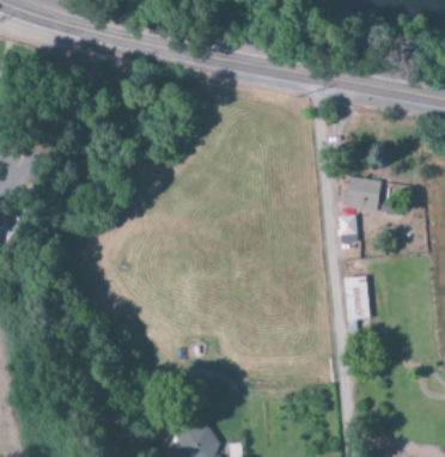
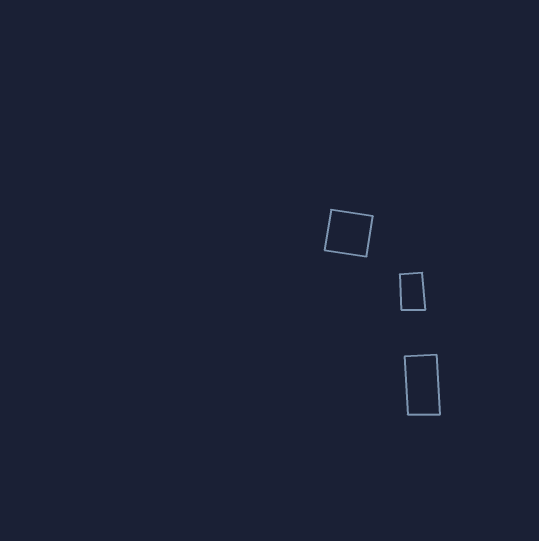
building: [346,176,382,211] -> [325,210,373,256]

